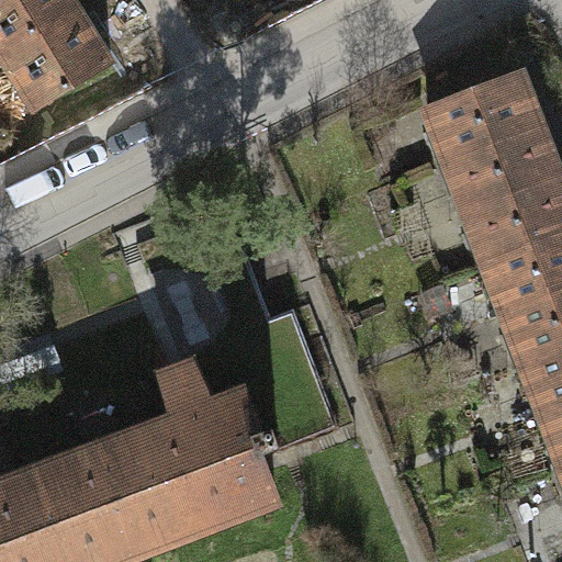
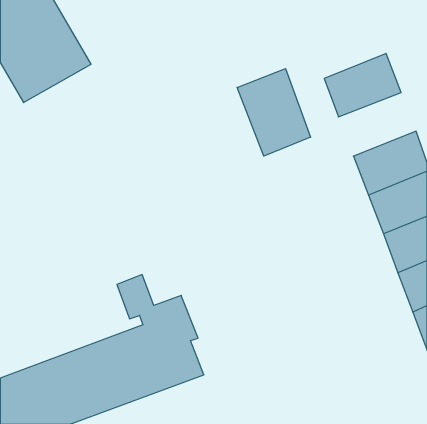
building: none -> [237,69,311,156]
building: [445,122,547,205] -> none

